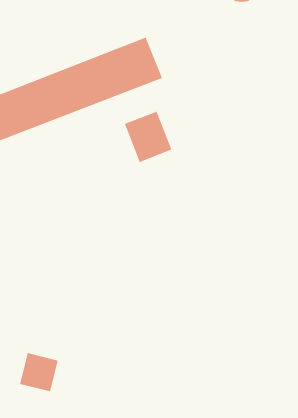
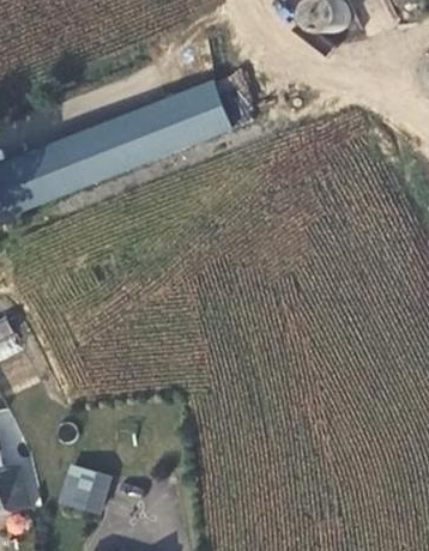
building: [124,111,172,163] -> none

